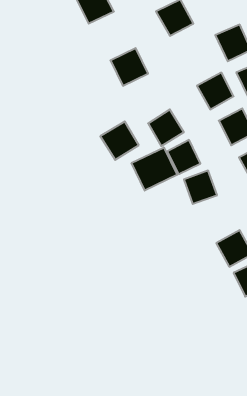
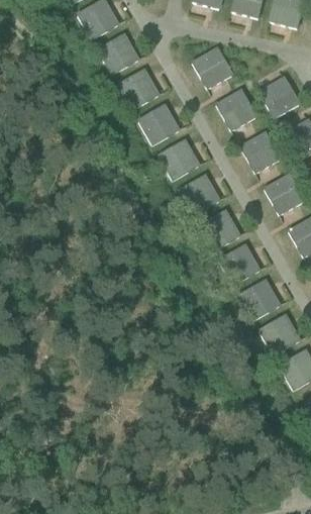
building: none -> [117,68,161,111]
building: none -> [214,88,258,131]
building: [100,121,139,160] -> [158,137,202,182]
building: [132,147,177,191] -> none
building: none -> [238,278,283,321]

